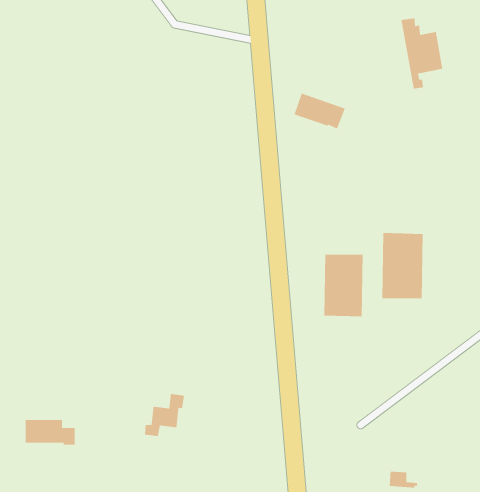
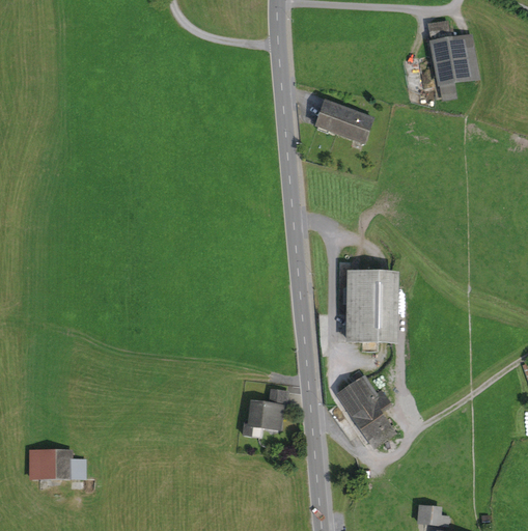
building: [381,232,424,299] -> none
building: none -> [338,376,393,446]
building: [144,393,185,437] -> [242,390,285,437]

